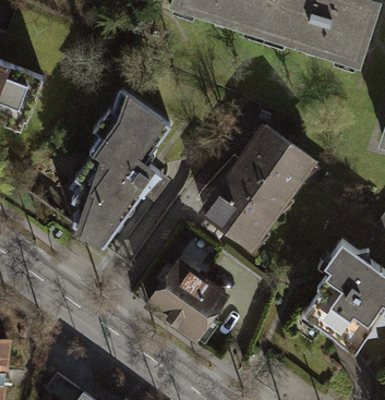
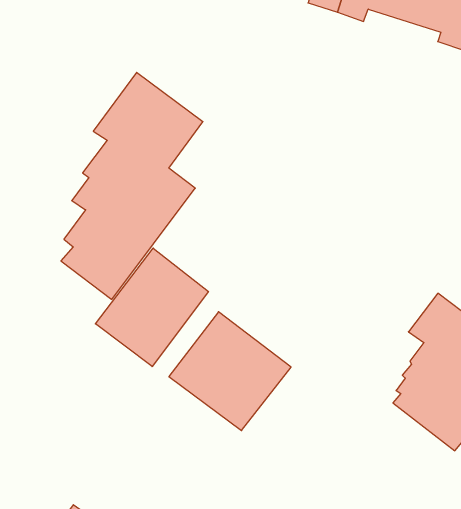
building: [201,129,318,253] -> none
building: none -> [95,248,208,367]

